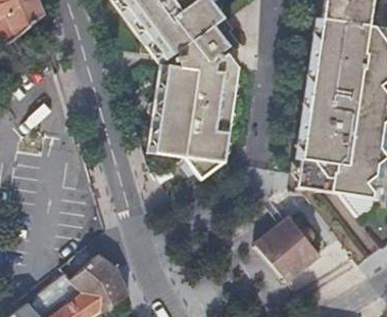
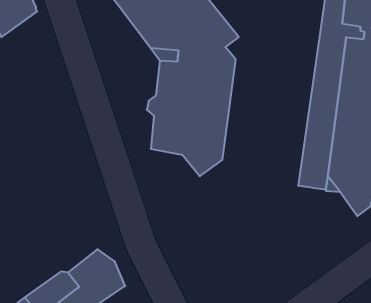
building: [256,222,321,286] -> none

